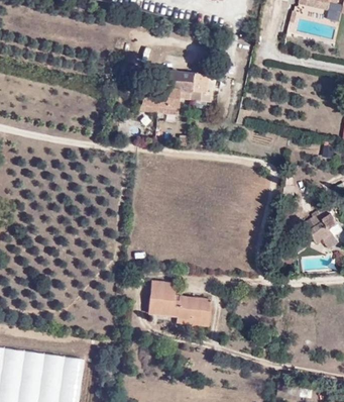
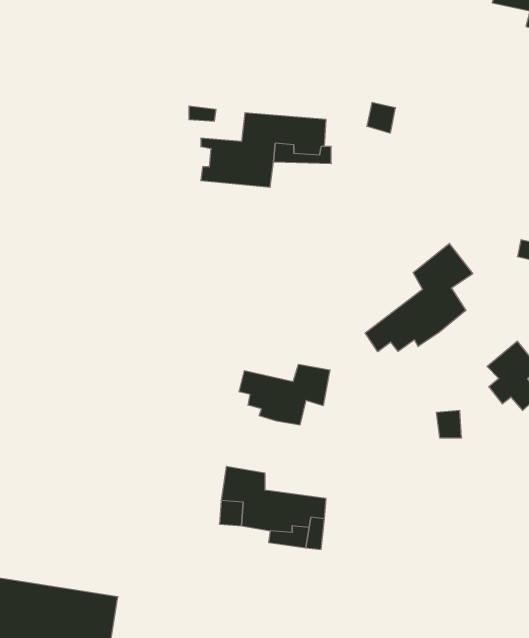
building: none -> [365,243,473,352]
building: none -> [239,364,330,425]

